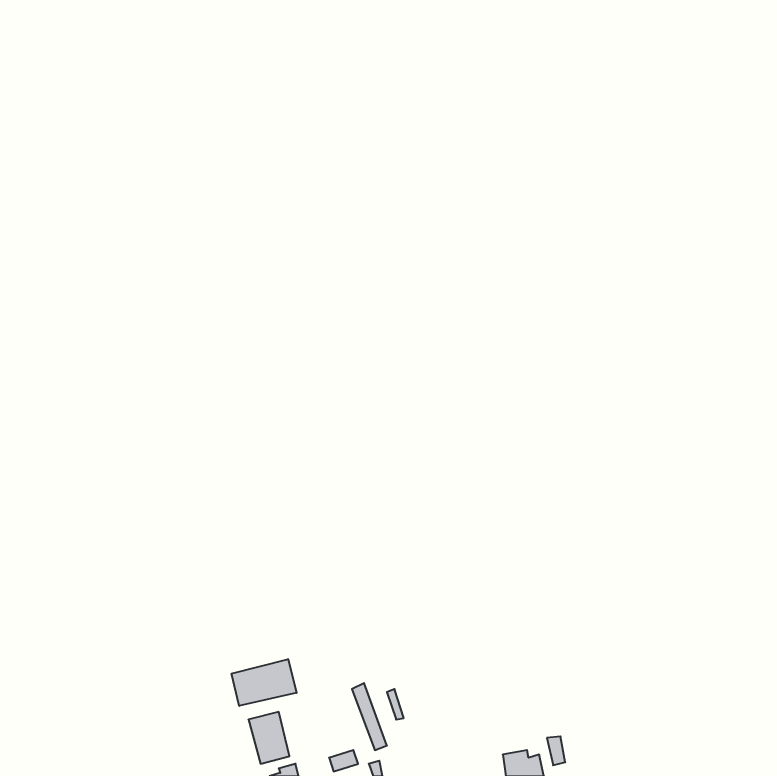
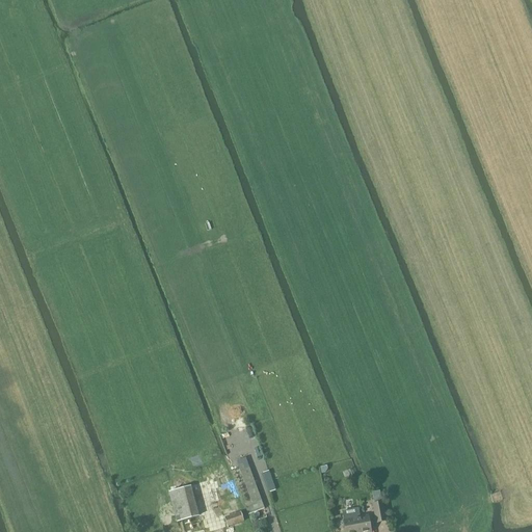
building: [232,659,297,706] -> none

